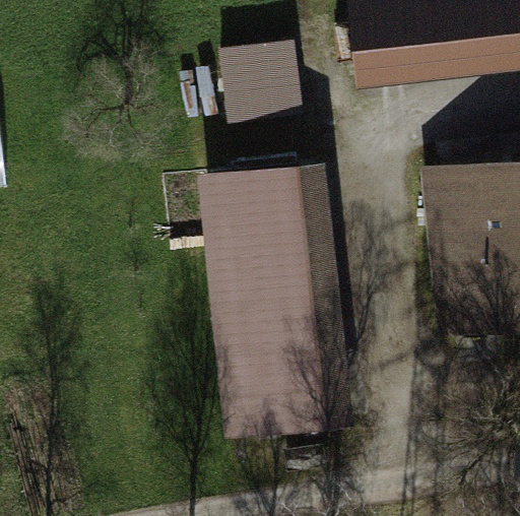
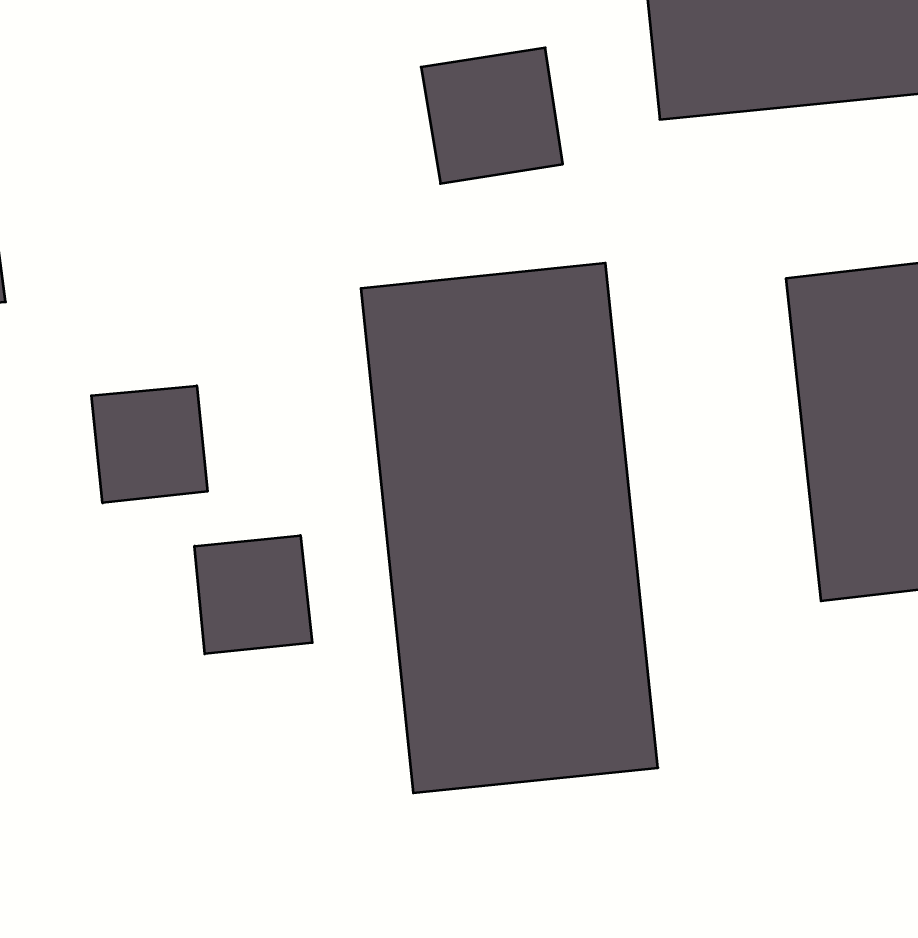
building: none -> [91,386,207,503]
building: none -> [195,535,312,654]

